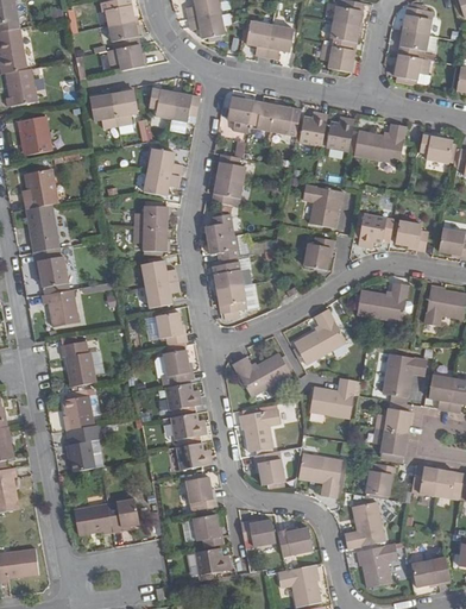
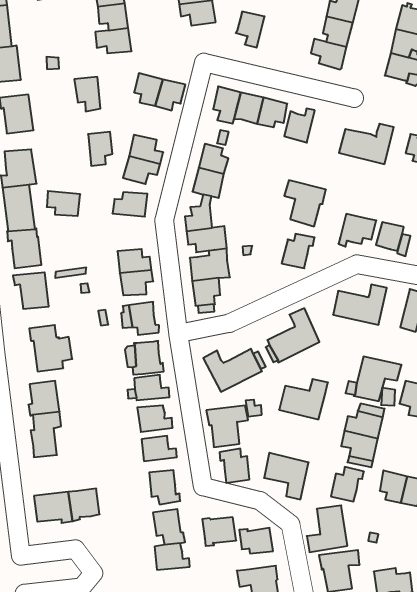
building: [266,25,294,58] -> none
building: [112,90,137,125] -> [88,132,112,166]
building: [326,118,354,151] -> none
building: [134,227,166,250] -> [47,191,80,216]

